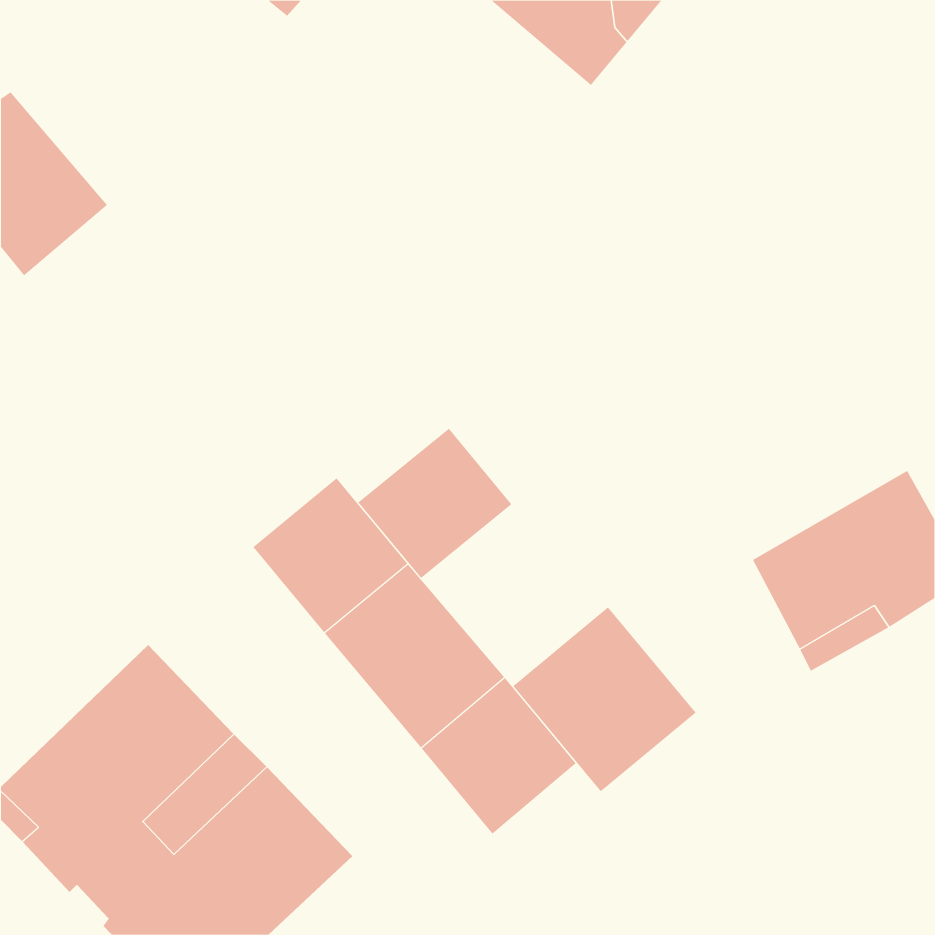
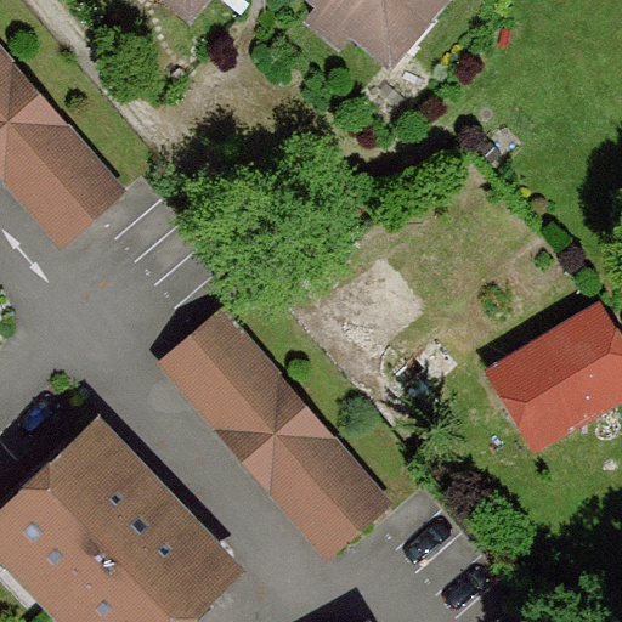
building: none -> [16,136,119,241]
building: [358,428,512,579] -> none
building: [512,607,696,792] -> none

